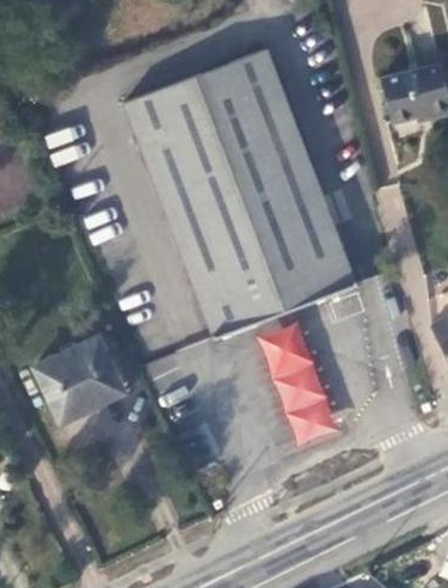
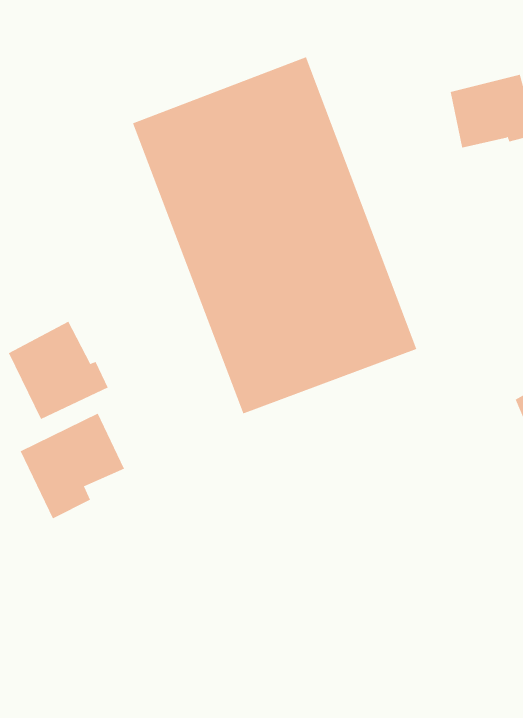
building: none -> [8,321,108,420]
building: [256,319,339,447] -> none

